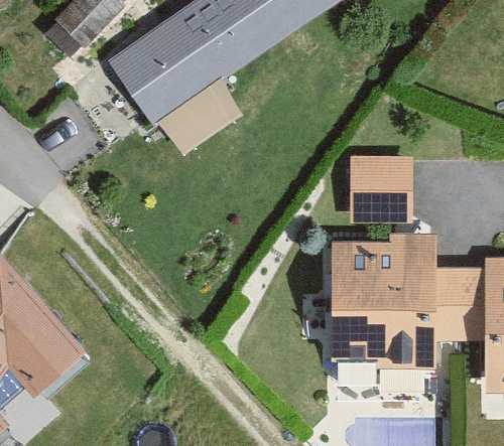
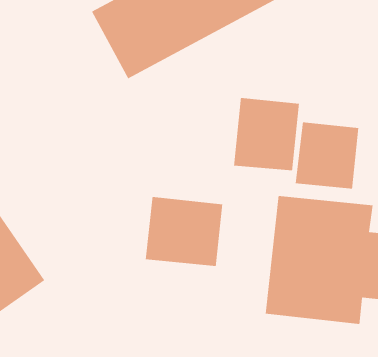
building: none -> [233,97,299,171]
building: none -> [145,196,223,267]

